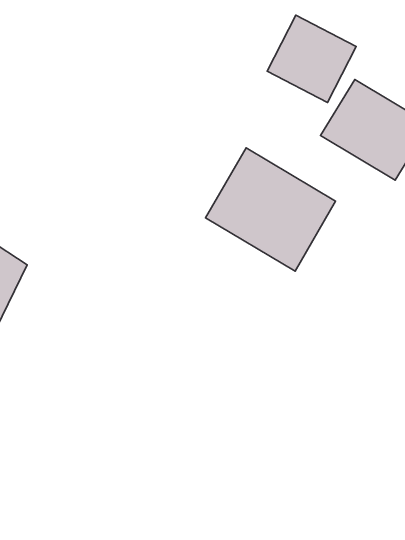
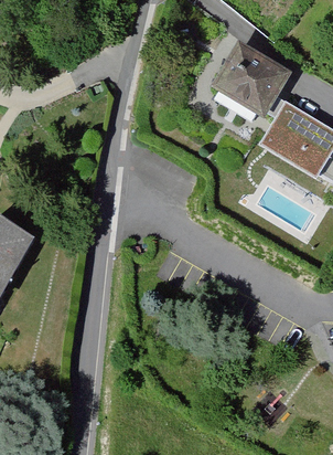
building: [206,148,336,271] -> none

